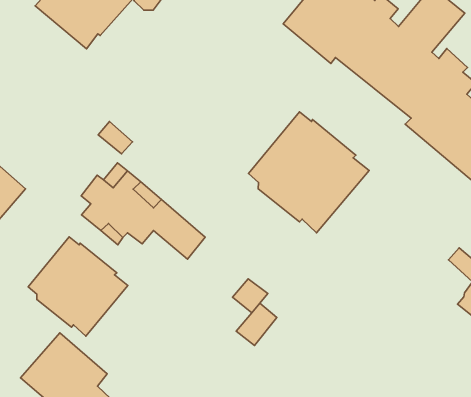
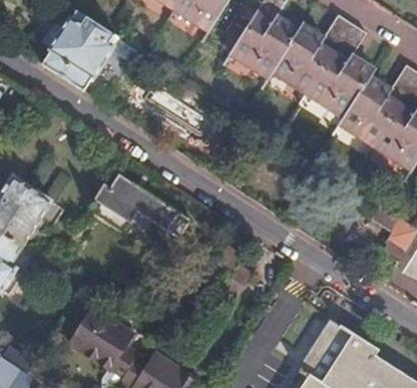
building: [248,112,369,233] -> none
building: [28,237,128,336] -> none

